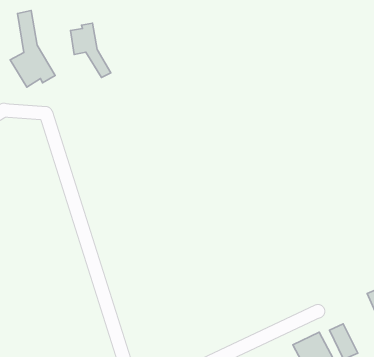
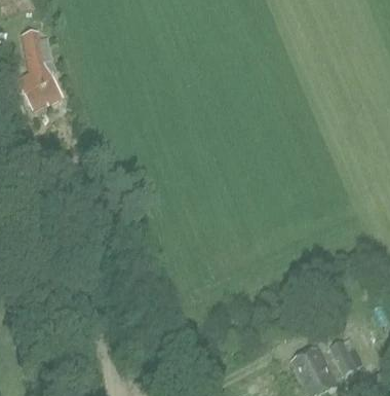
building: [70,23,111,78] -> none

